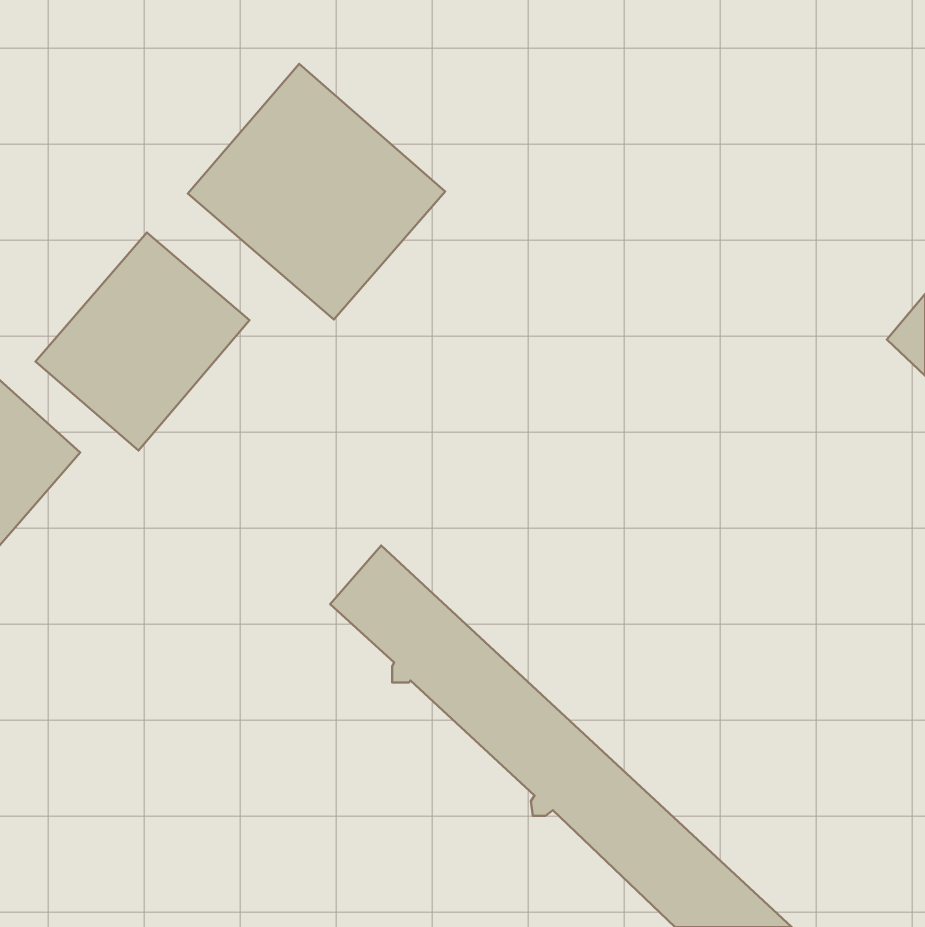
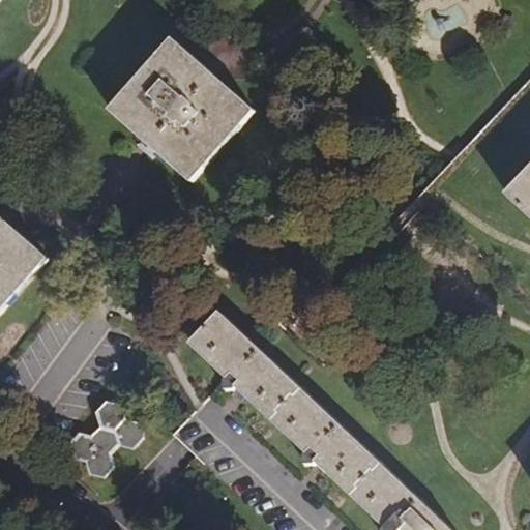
building: [36,233,250,451] -> none
building: none -> [66,401,140,475]

